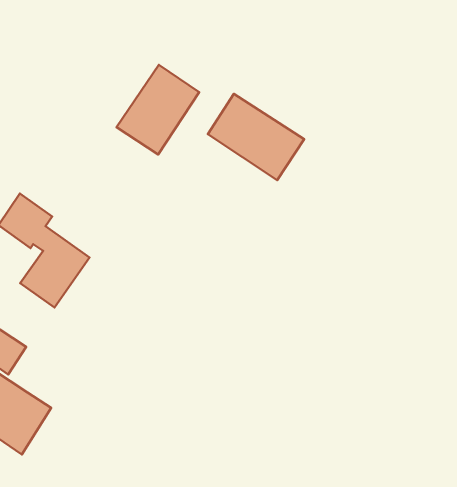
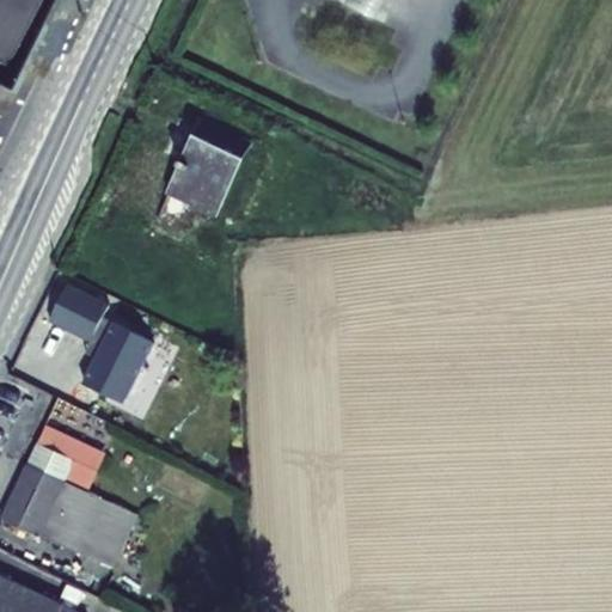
building: [208,94,304,180] -> none

